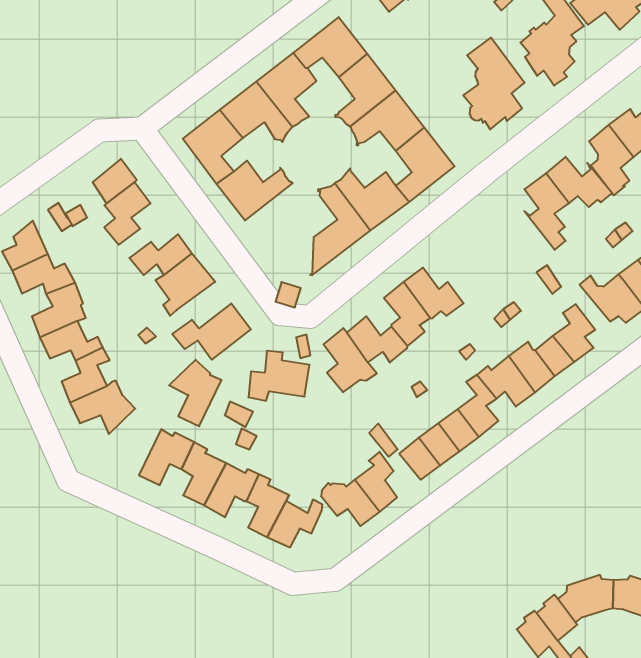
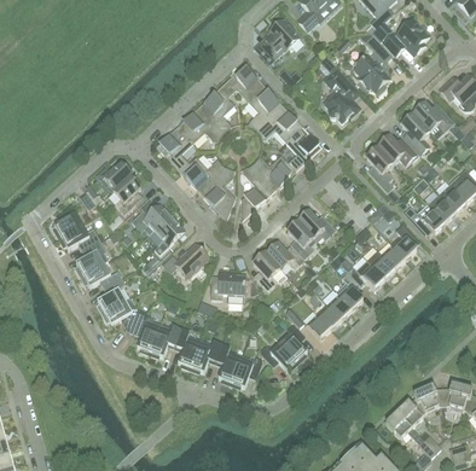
building: none -> [198,167,234,221]
building: [169,360,222,426] -> [128,312,159,351]

